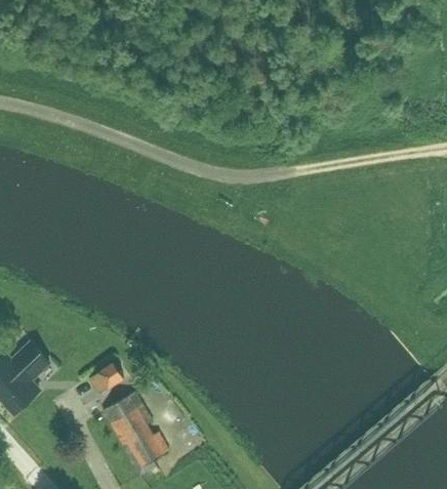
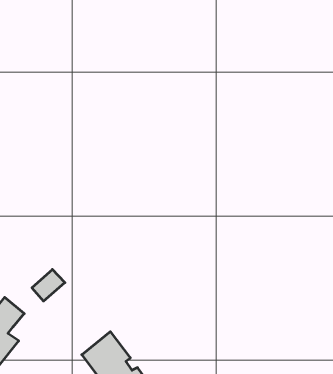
building: [89,363,124,395] -> [32,269,65,301]

